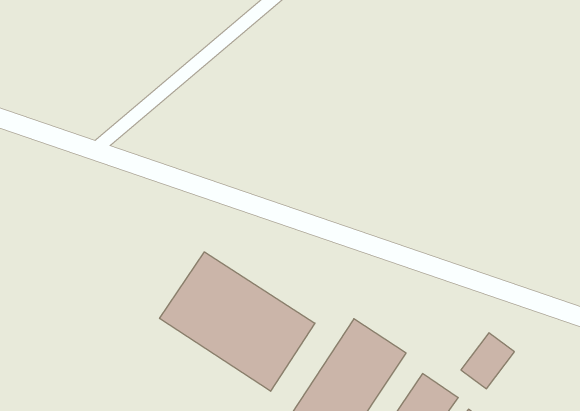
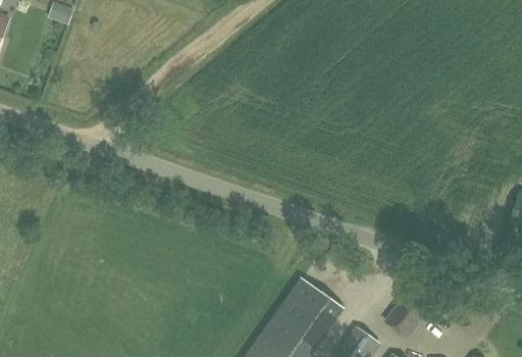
building: [160,252,315,391] -> none

